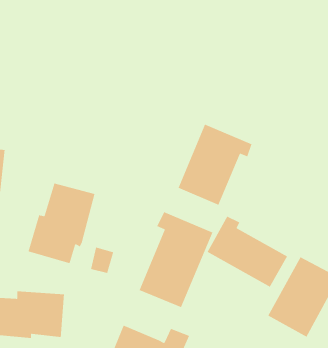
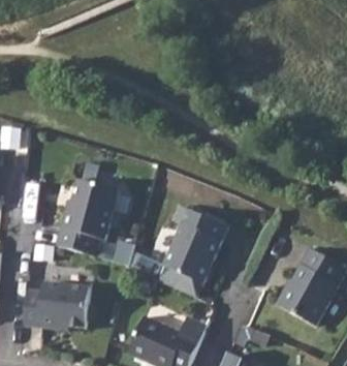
building: [177,124,253,206] -> none
building: [206,215,288,288] -> none

